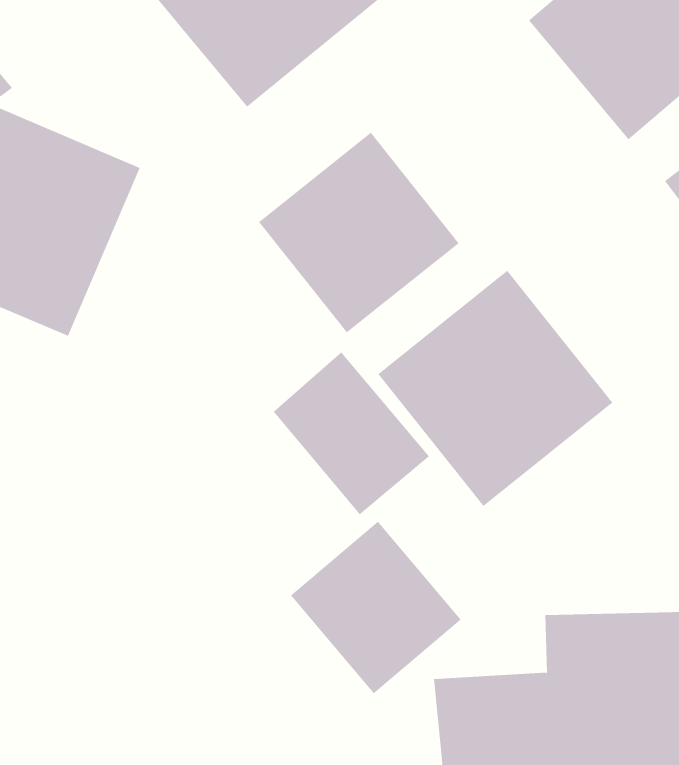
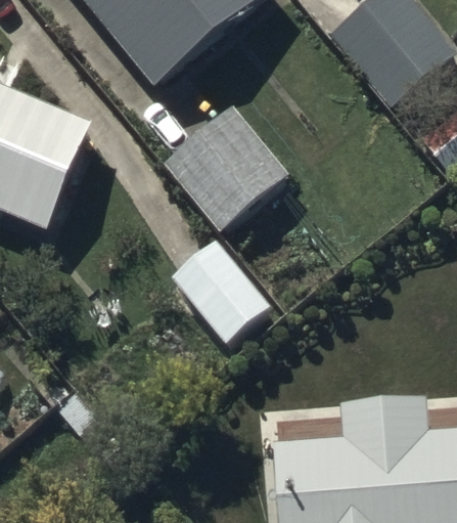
building: [378,270,613,507] -> none
building: [290,521,461,694] -> none

